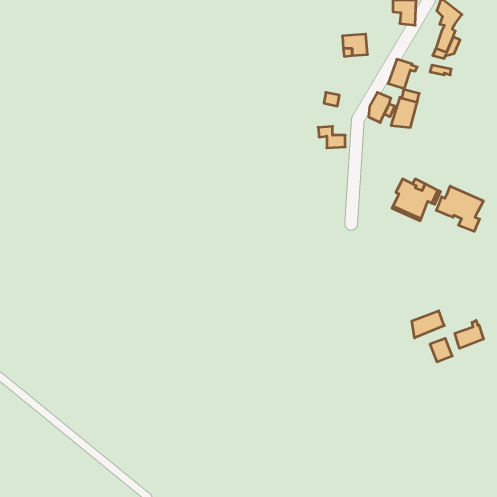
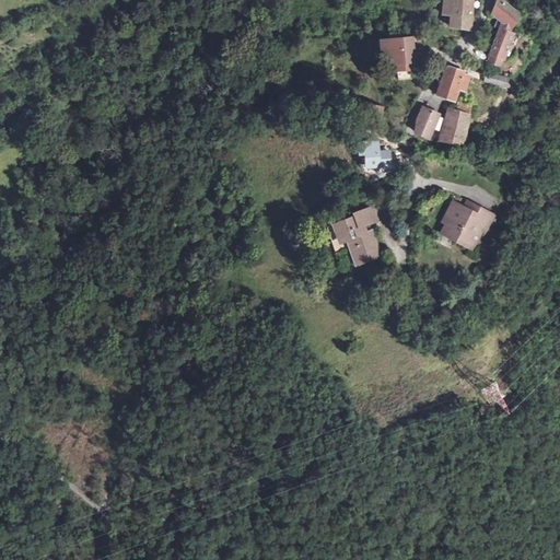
building: none -> [335,207,380,264]
building: [436,186,483,231] -> none
building: [412,311,444,338] -> none
building: [455,320,484,348] -> none

